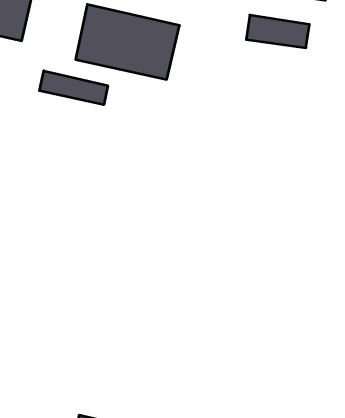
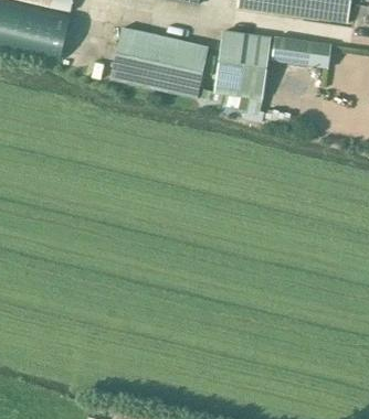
building: none -> [214,31,271,98]
building: [39,71,108,105] -> none

